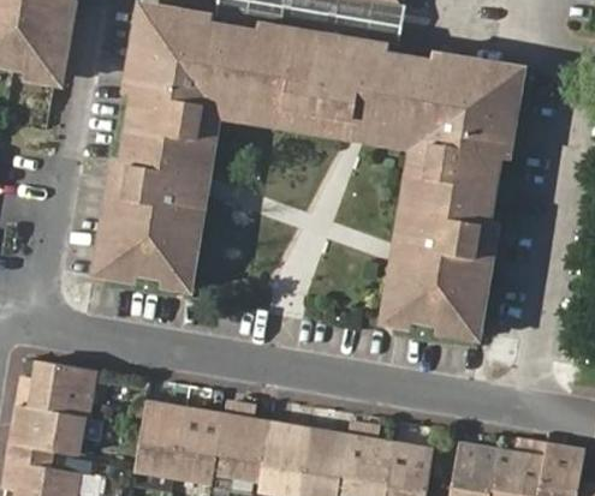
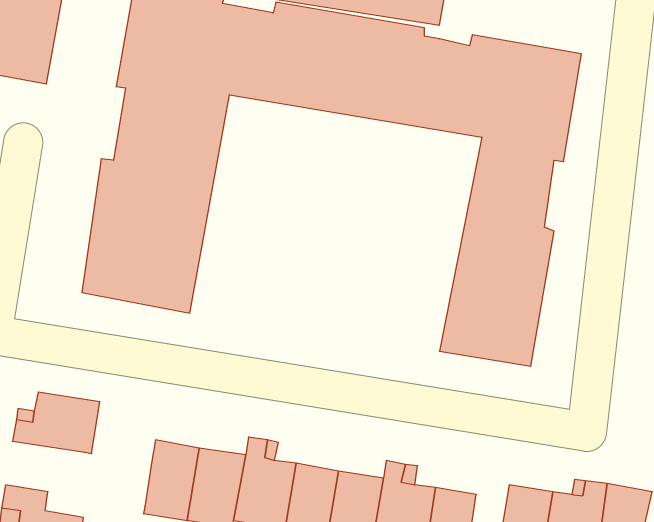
building: [180,101,438,327] -> none
building: [18,406,88,455] -> none

